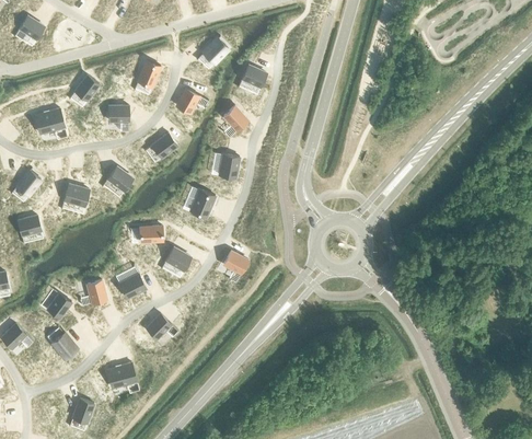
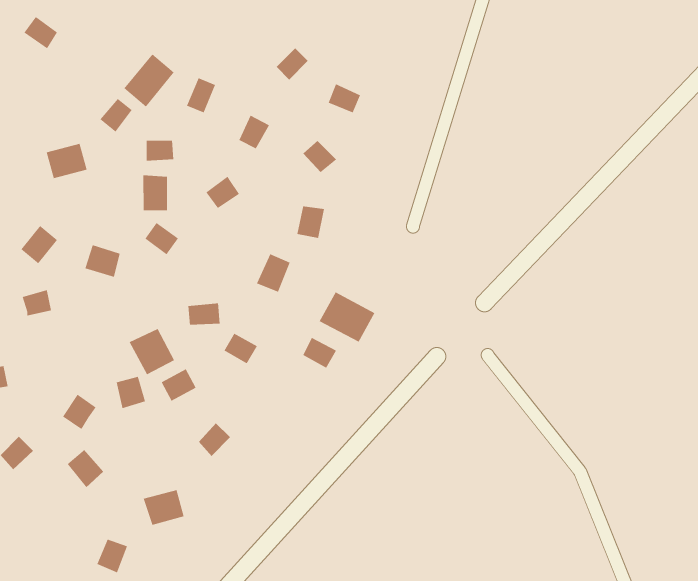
building: none -> [124,53,174,107]
building: none -> [143,174,168,211]
building: none -> [319,292,375,343]
building: none -> [129,328,175,375]

